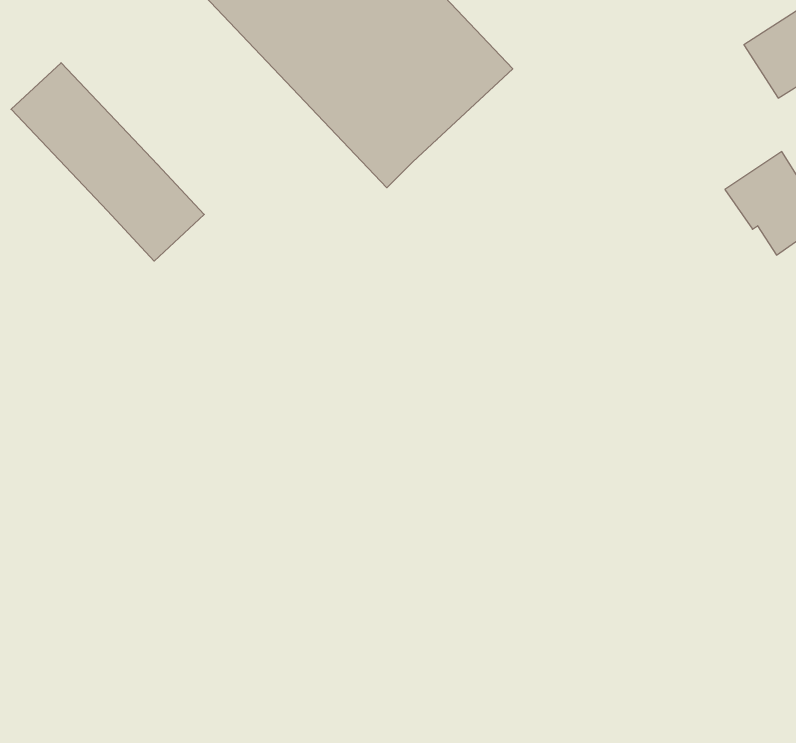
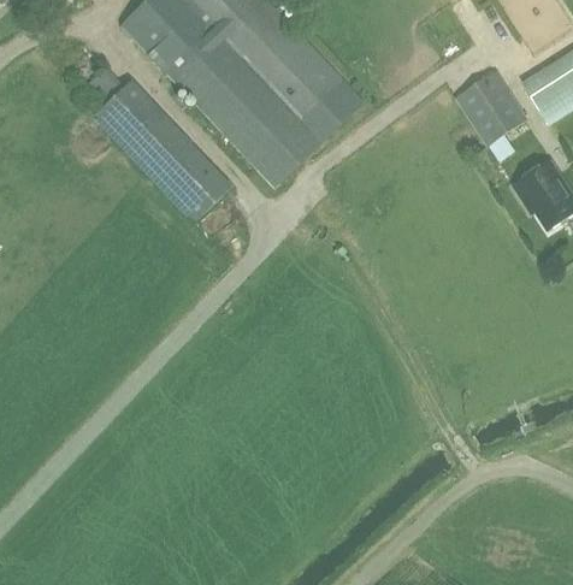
building: none -> [457,71,527,144]
building: [11,63,204,261] -> [95,81,230,219]

